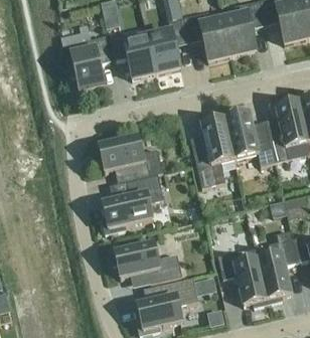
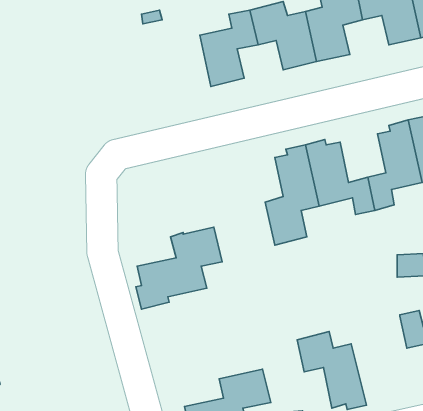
building: [110,31,156,77] -> none
building: [68,35,112,91] -> none
building: [95,136,163,179] -> none
building: [258,230,298,303] -> none
building: [110,242,182,283] -> none

